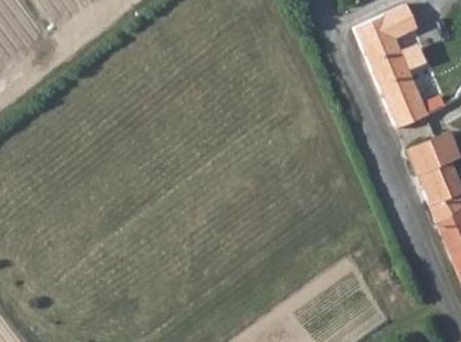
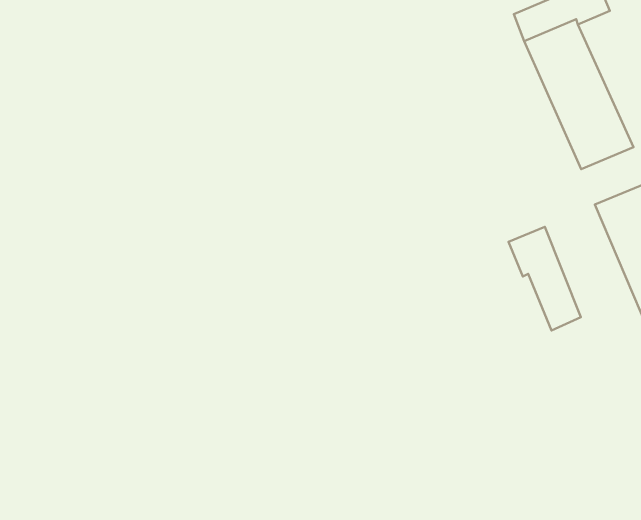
building: none -> [509,227,581,331]

